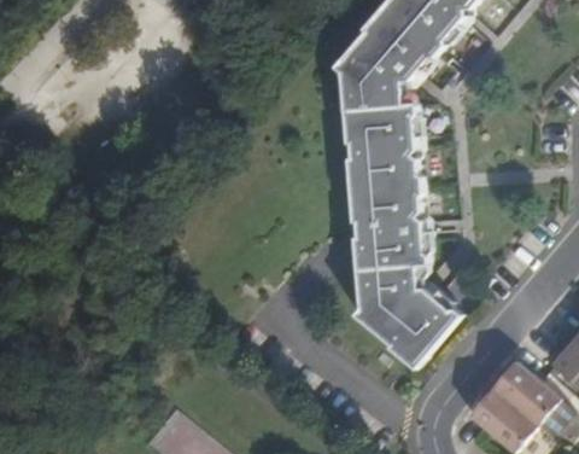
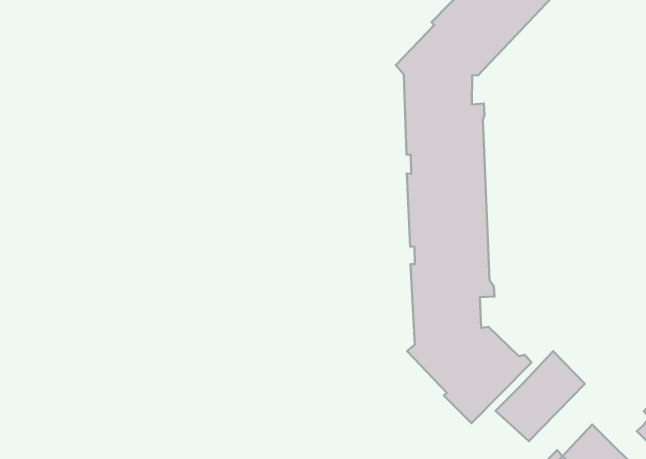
building: none -> [495,351,585,441]

